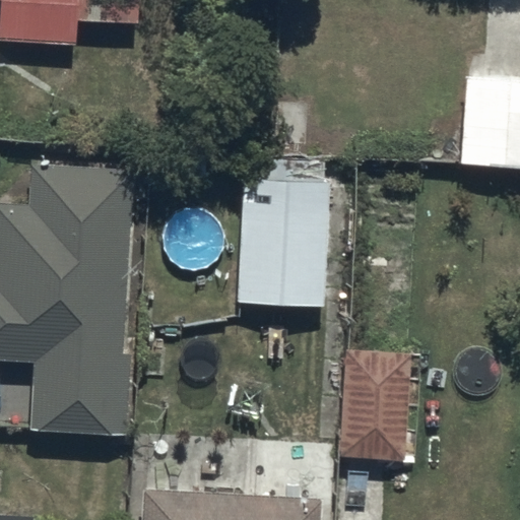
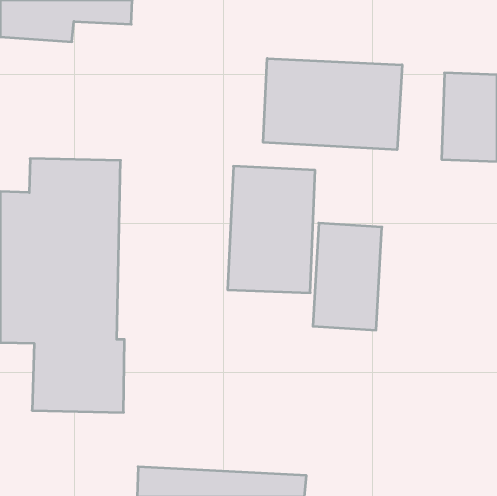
building: none -> [263,58,402,150]
building: [340,350,412,462] -> [313,223,382,330]

